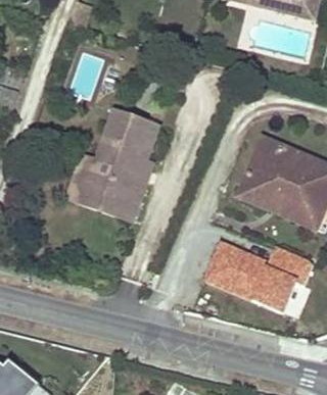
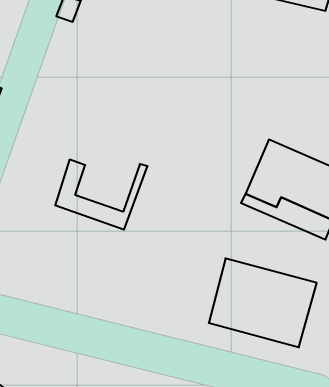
building: [87,110,157,203] -> none

